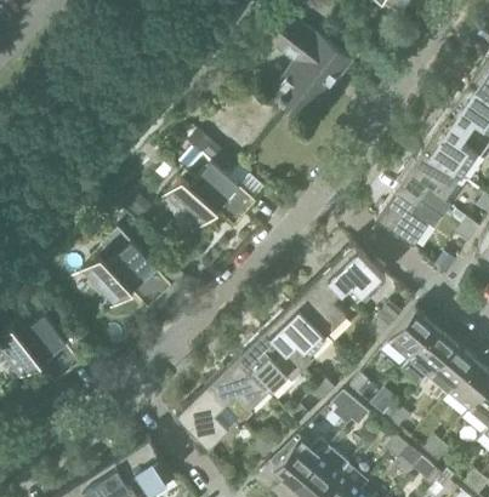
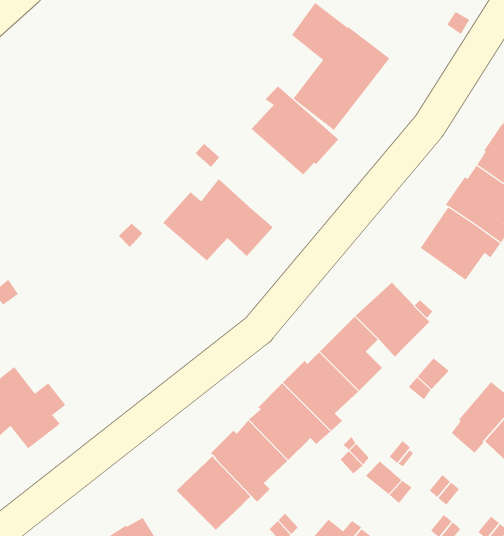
building: none -> [251,86,339,175]
building: [81,230,172,310] -> none
building: [390,313,434,360] -> none

